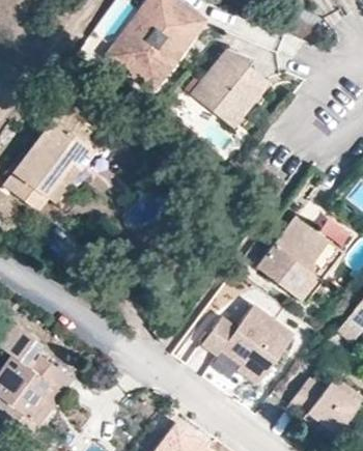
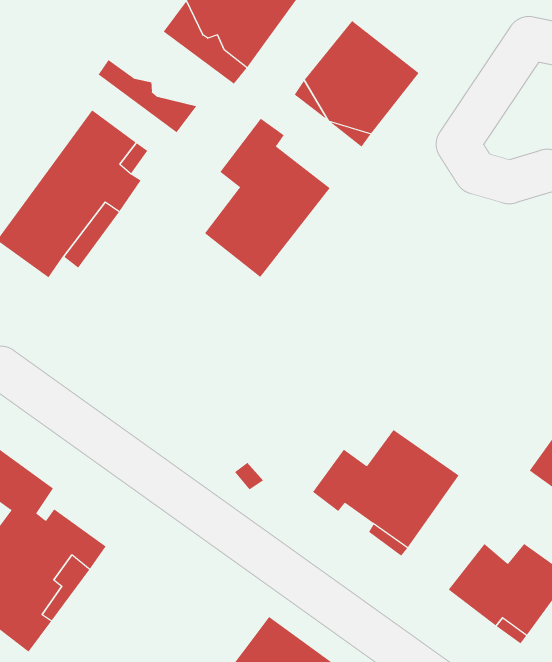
building: none -> [98,59,197,133]
building: none -> [204,118,331,278]
building: [256,214,345,304] -> none

